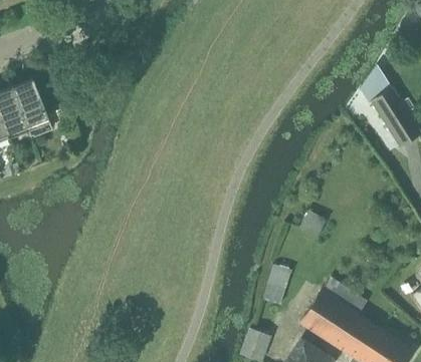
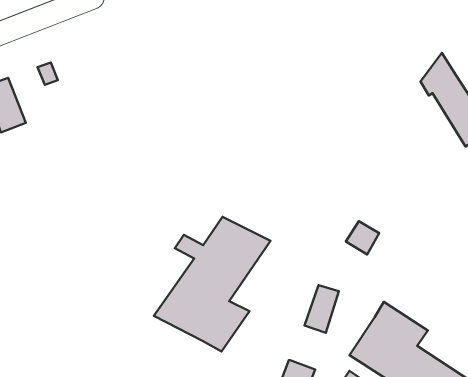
building: [11,80,51,135] -> none
building: none -> [154,217,271,351]

